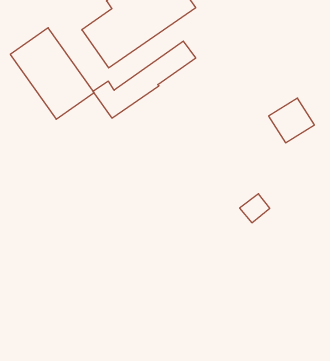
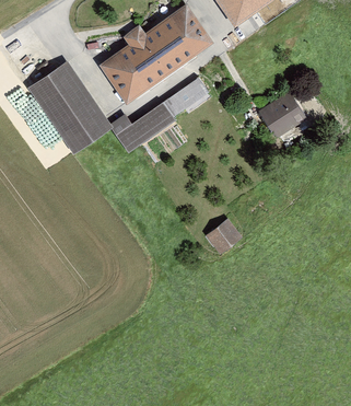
building: [269,98,314,143] -> [260,93,305,137]
building: [240,194,270,223] -> [212,220,242,248]

